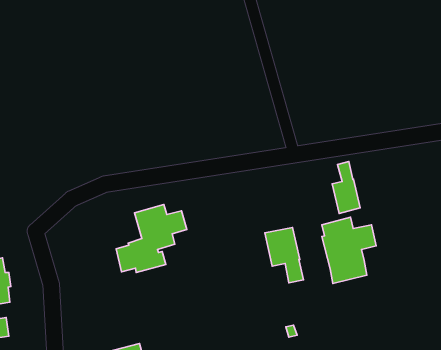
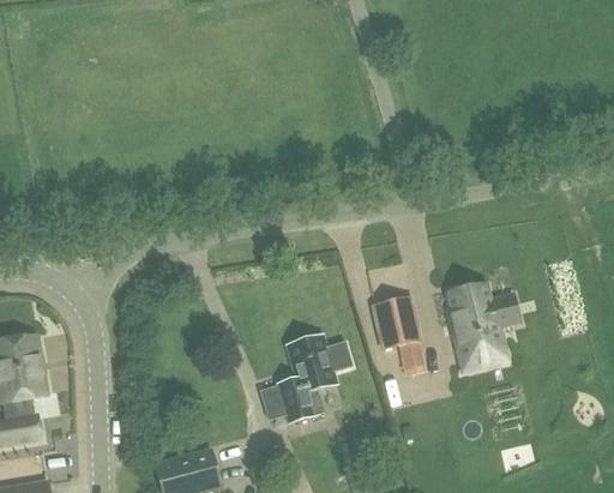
building: [332,162,360,213] -> none
building: [116,205,187,273] -> [260,332,353,421]

